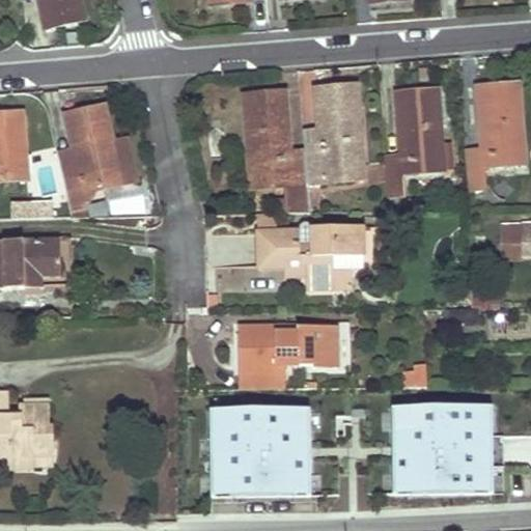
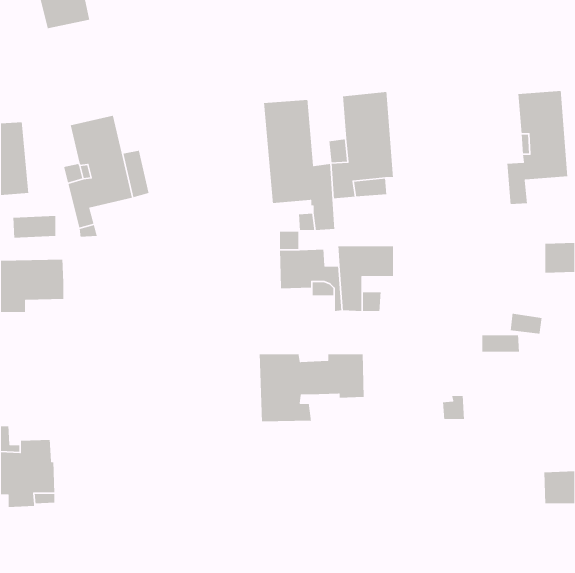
building: [387,89,459,211] -> none
building: [390,401,492,493] -> none
building: [207,402,310,495] -> none

